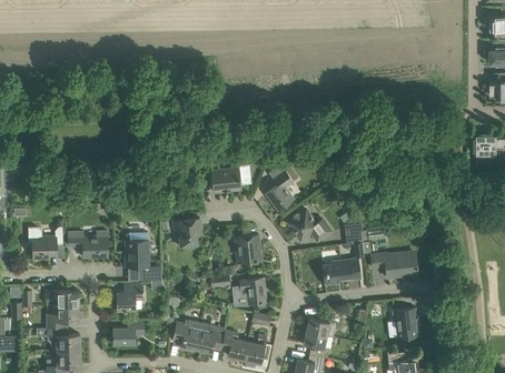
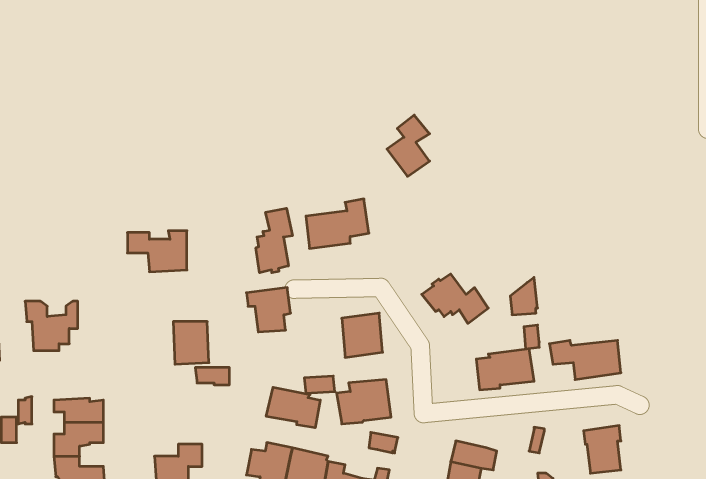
building: none -> [256,208,292,273]
building: [265,170,293,210] -> [387,115,430,176]
building: [68,231,107,258] -> [127,231,187,272]
building: none -> [266,387,320,428]
building: [116,284,141,310] -> none

